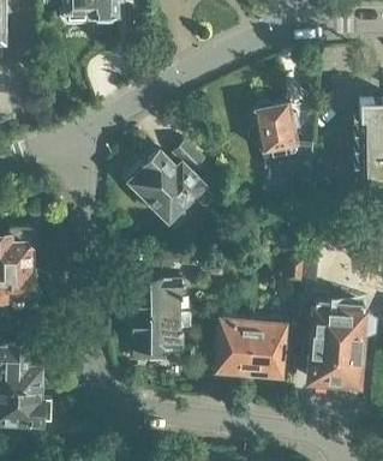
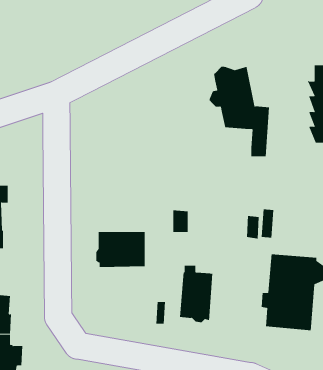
building: [130,143,211,220] -> none
building: [128,316,181,359] -> none
building: [250,316,283,377] -> none

